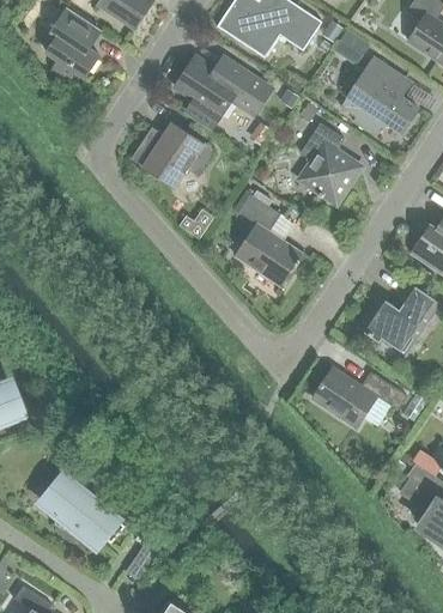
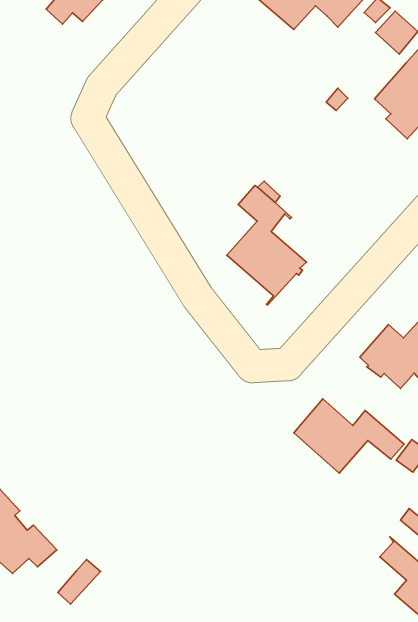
building: [176,57,269,131] -> none
building: [131,122,216,188] -> none
building: [301,123,360,207] -> none

